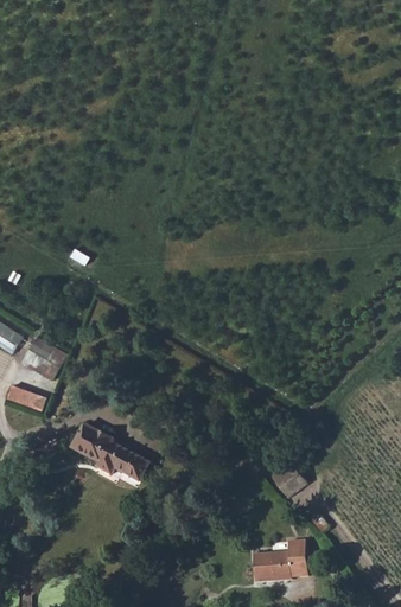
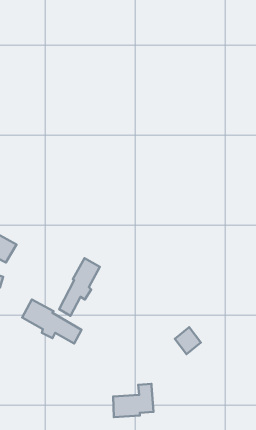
building: none -> [59,258,100,316]
building: [253,542,306,586] -> [113,384,153,417]

